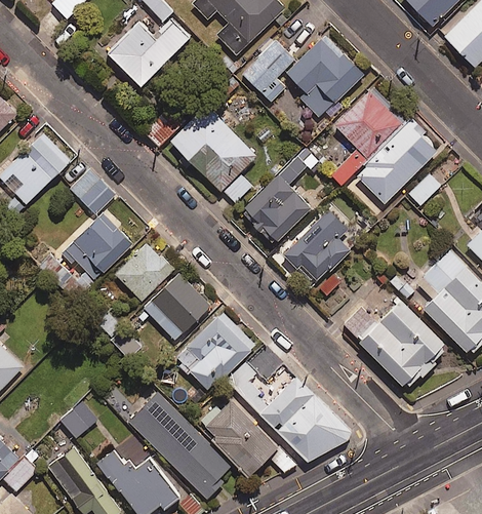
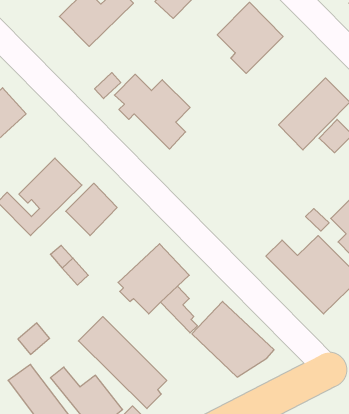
building: [242,40,293,101] -> none
building: [332,88,406,185] -> none
building: [242,153,319,245] -> none
building: [69,168,114,213] -> none
building: [285,211,348,283] -> none
building: [144,275,210,341] -> none
building: [197,401,295,478] -> none

